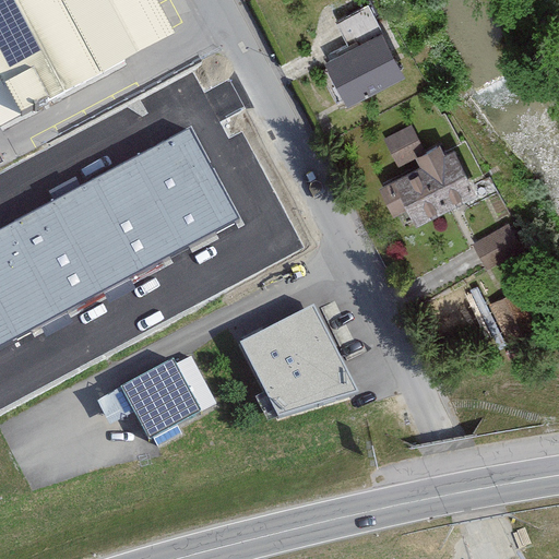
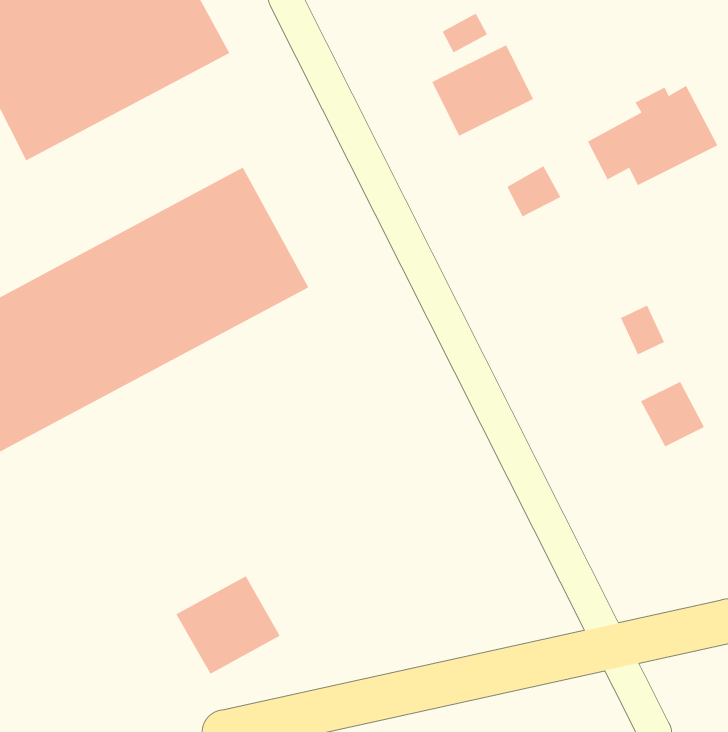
building: [383,145,483,222] -> [587,85,718,186]
building: [234,305,356,413] -> none
building: [124,366,204,441] -> [176,575,281,675]

